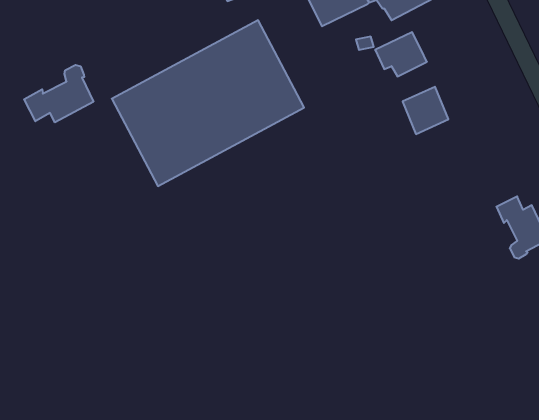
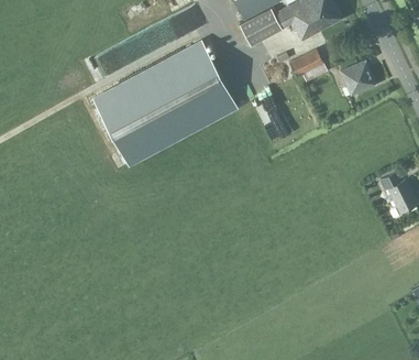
building: [24,65,93,122] -> none
building: [403,87,448,134] -> [341,61,375,96]

